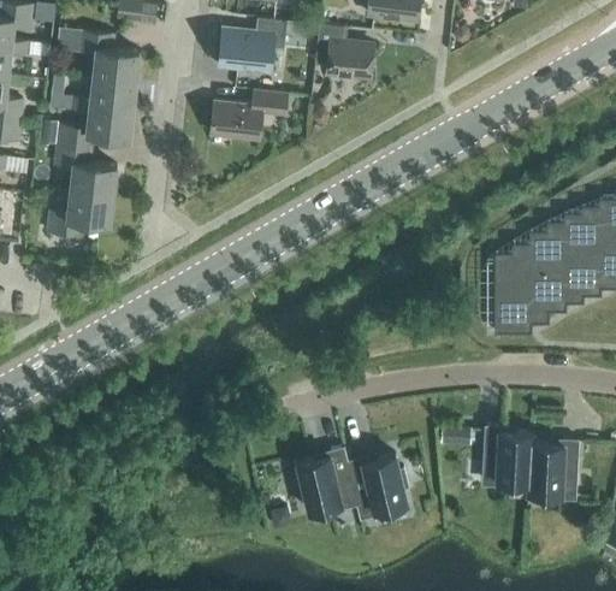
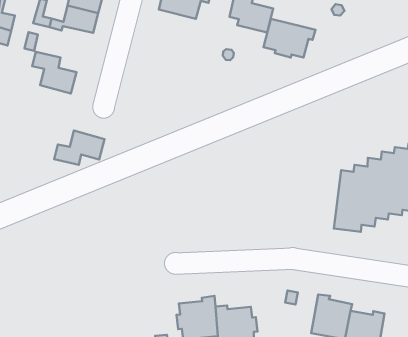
building: none -> [264,19,316,58]
building: [211,89,288,138] -> none
building: [58,105,132,148] -> none
building: [48,189,113,235] -> [54,131,104,165]

